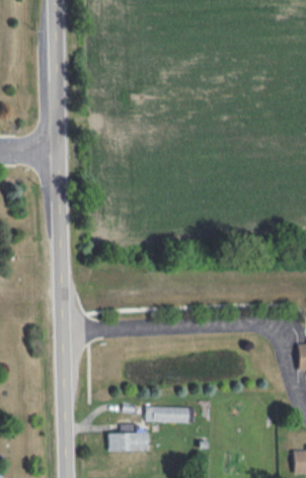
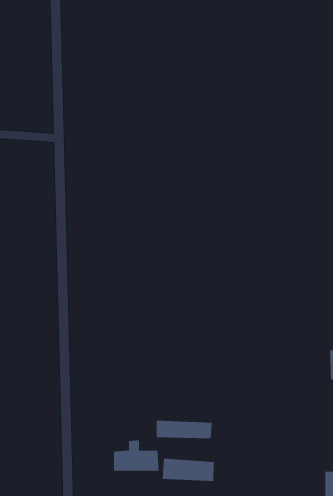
building: none -> [162,458,214,482]

